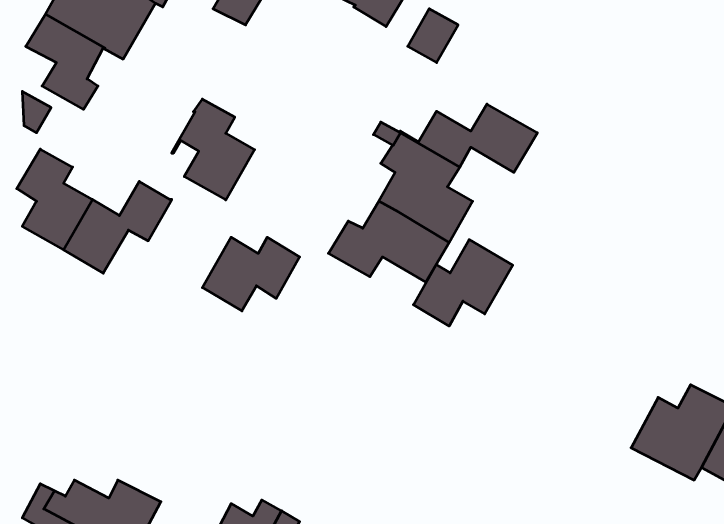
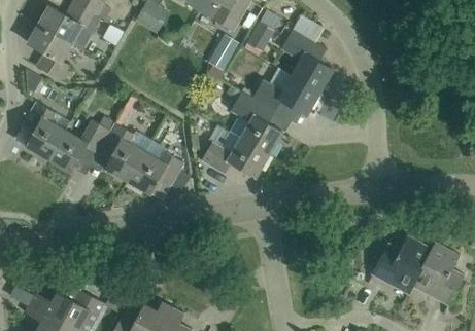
building: none -> [281,29,333,91]
building: none -> [207,34,239,71]
building: [172,99,255,200] -> [97,122,144,180]
building: [413,240,513,326] -> none

